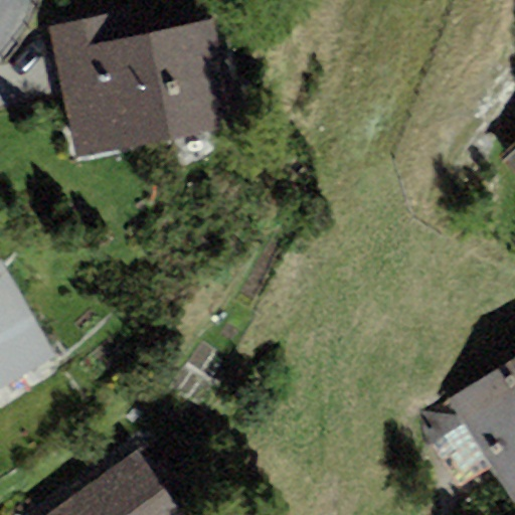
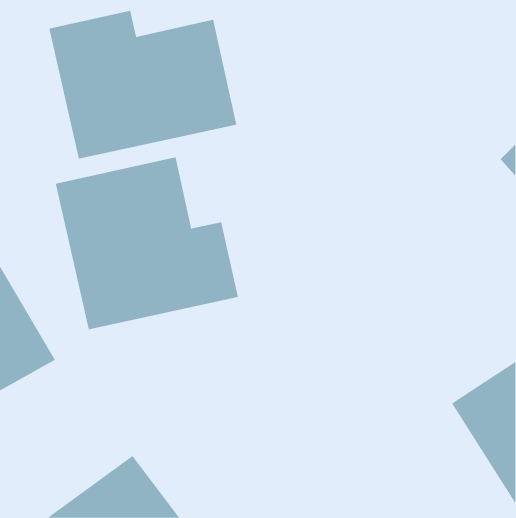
building: none -> [55,156,238,330]

